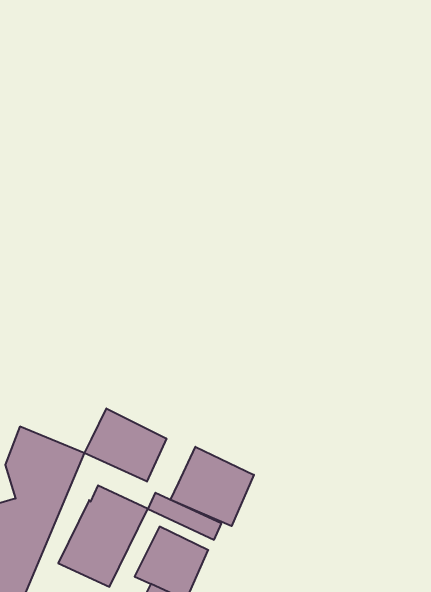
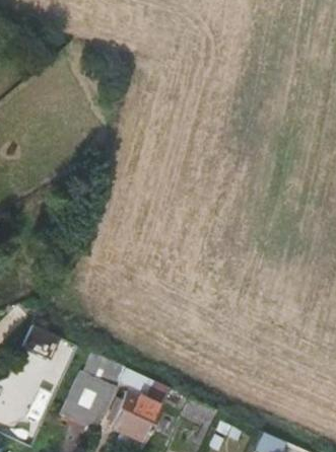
building: [85,408,166,482] -> none
building: [171,447,254,526] -> none

